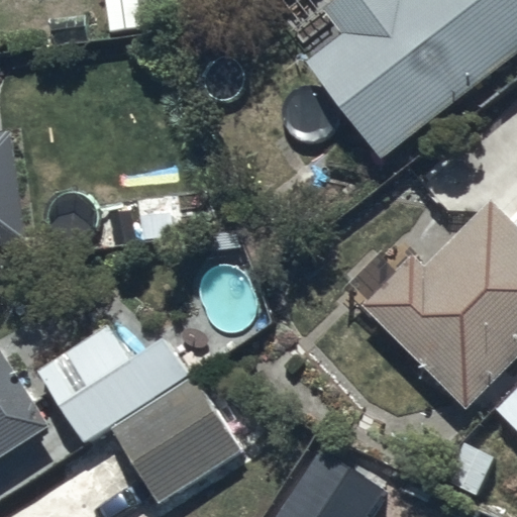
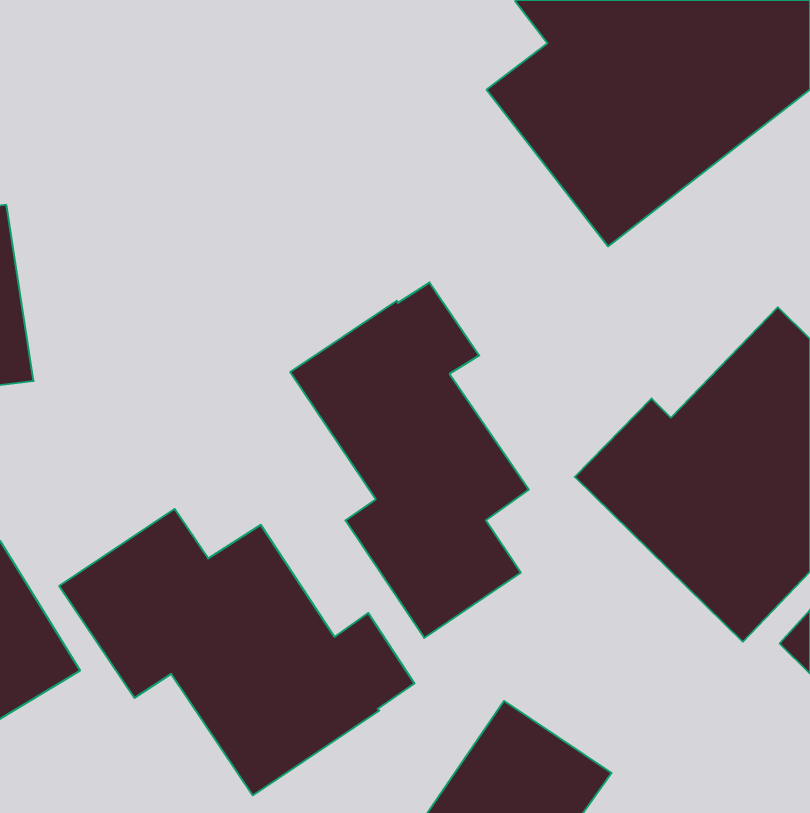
building: none -> [290,282,529,638]

